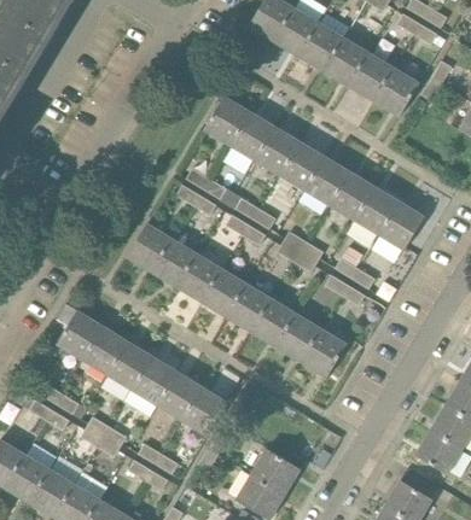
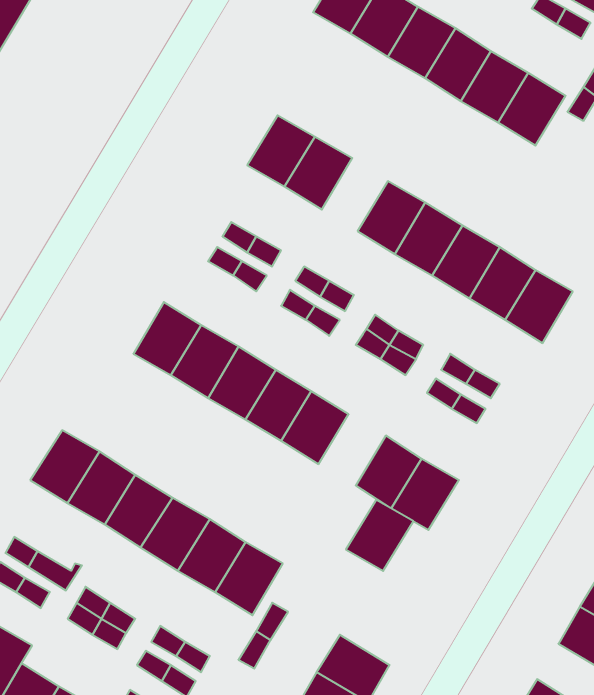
building: [254,125,298,175] -> none
building: [251,299,297,347] -> [346,500,413,571]

